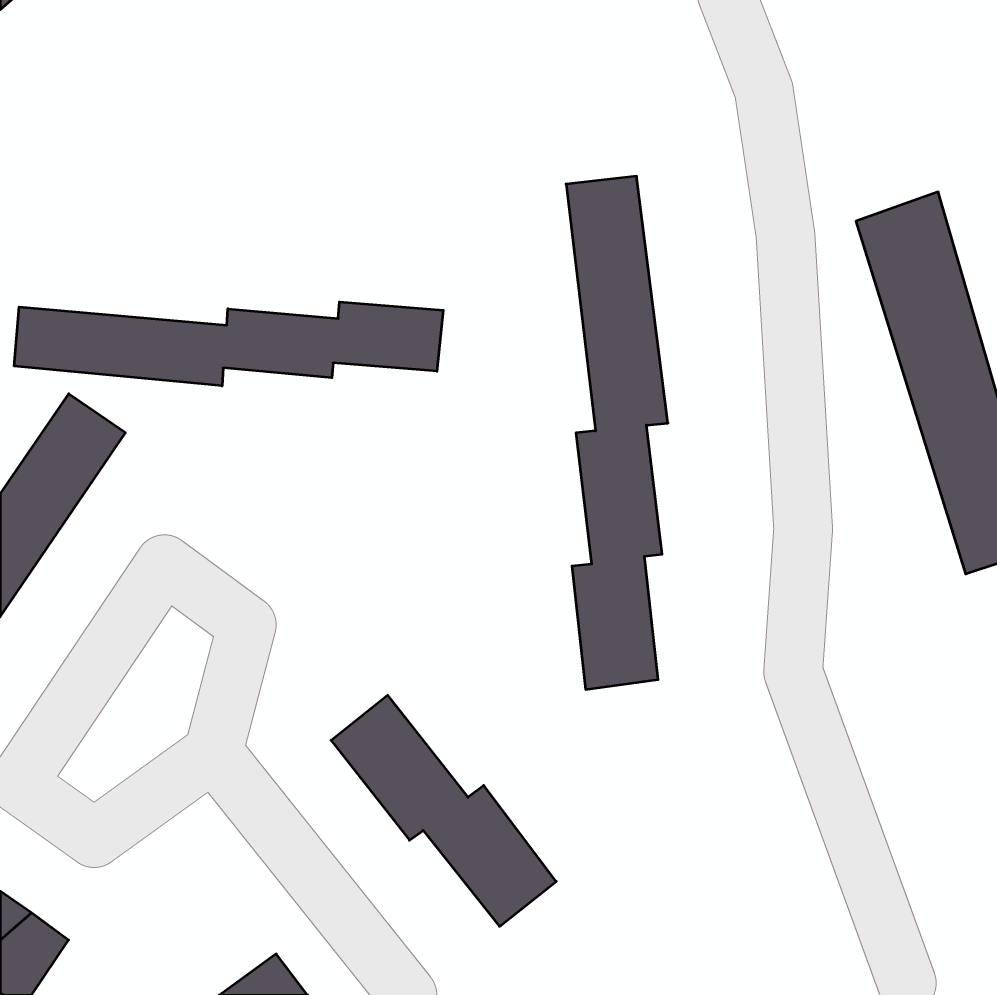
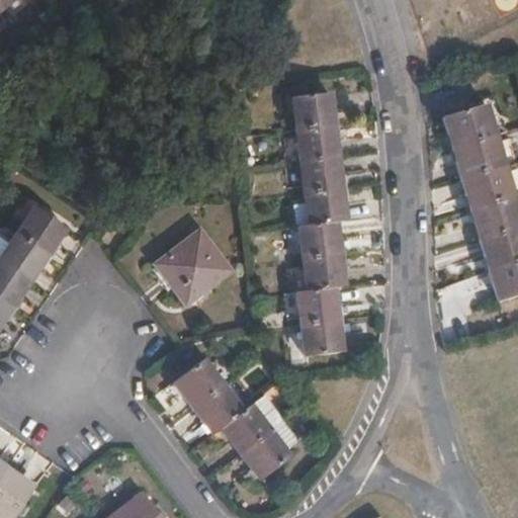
building: [14,302,443,386] -> none
building: none -> [157,232,232,304]

